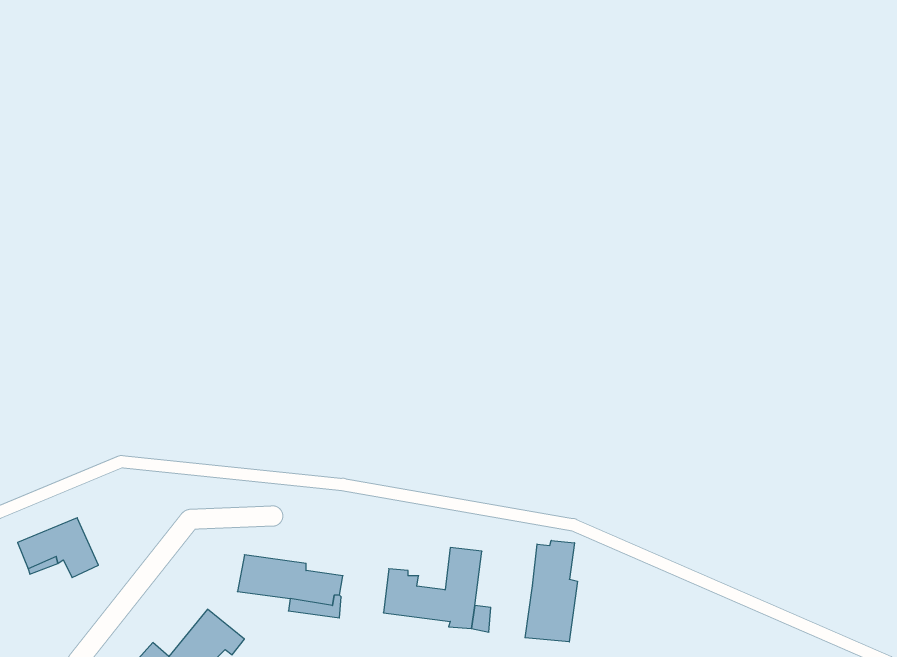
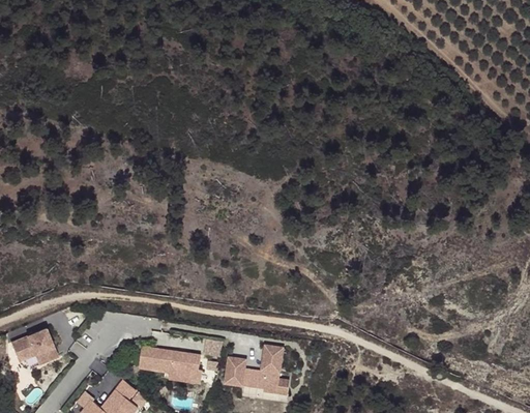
building: [525,540,577,642] -> none

